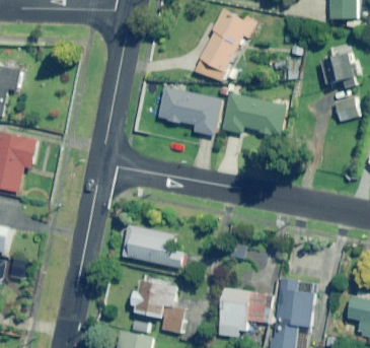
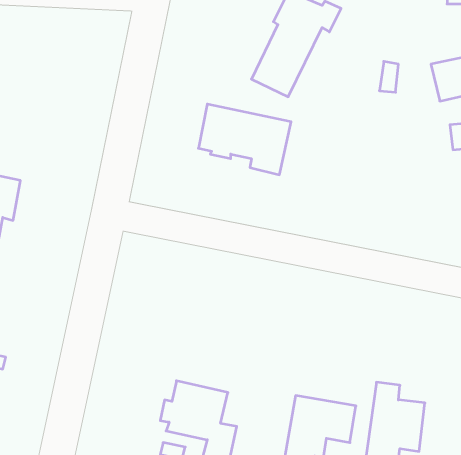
building: [222,93,286,135] -> none
building: [116,224,184,268] -> none

